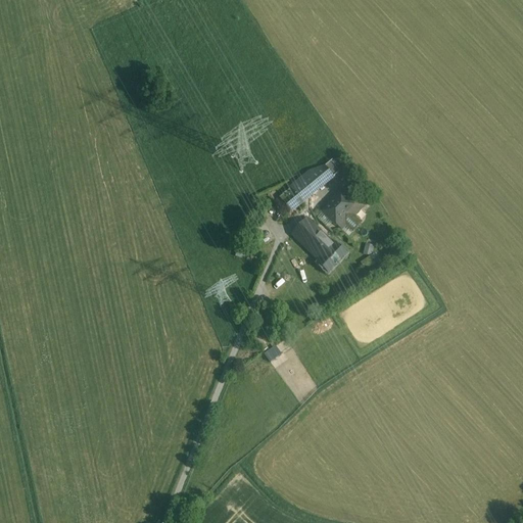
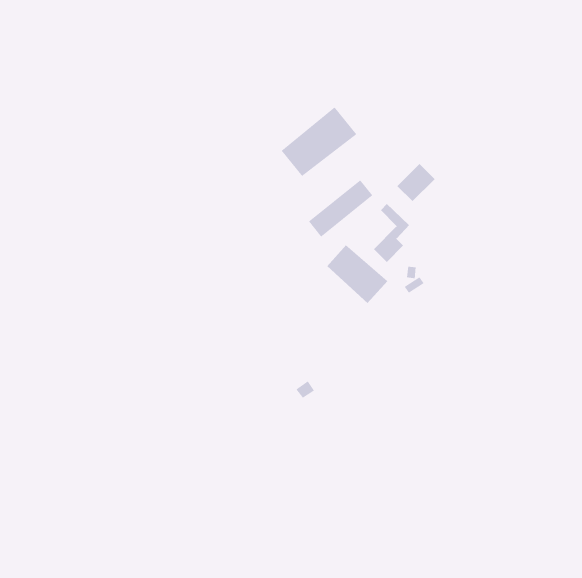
building: none -> [281,106,357,177]
building: [320,188,354,223] -> [397,163,435,202]

